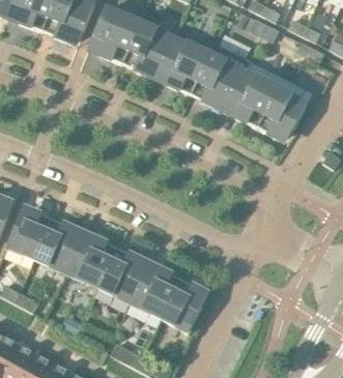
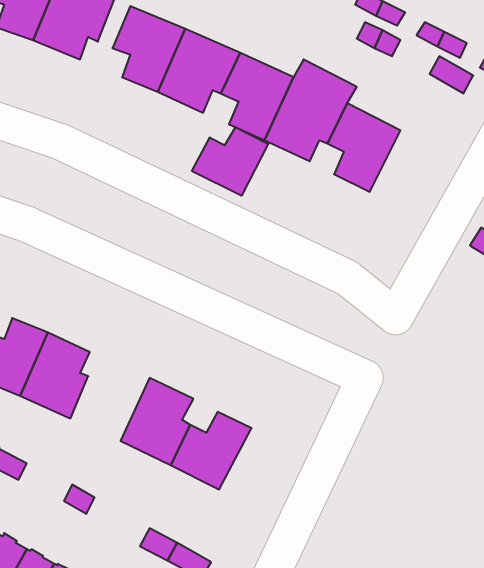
building: none -> [192,127,268,196]
building: [257,88,306,139] -> none
building: [65,237,116,287] -> none
building: [161,279,202,331] -> none

